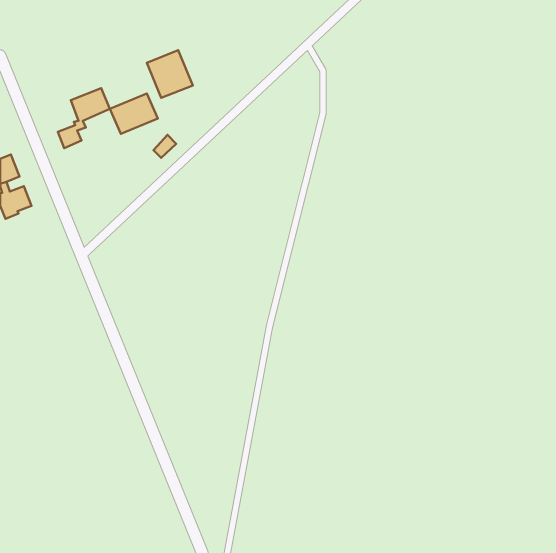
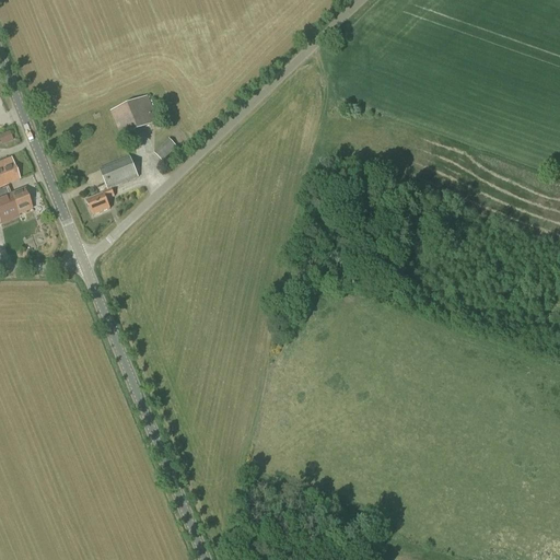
building: [147,50,193,98] -> none
building: [58,88,110,148] -> [86,154,139,214]

